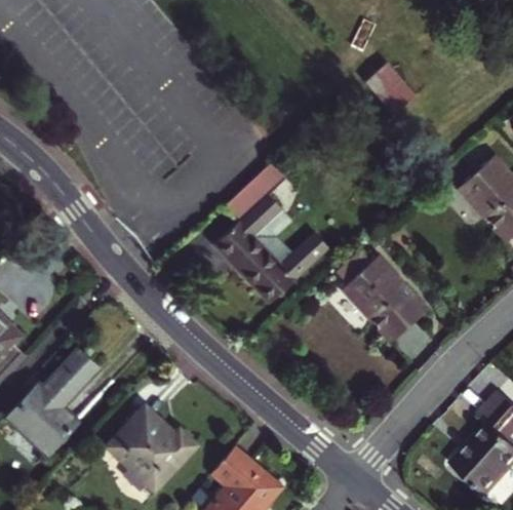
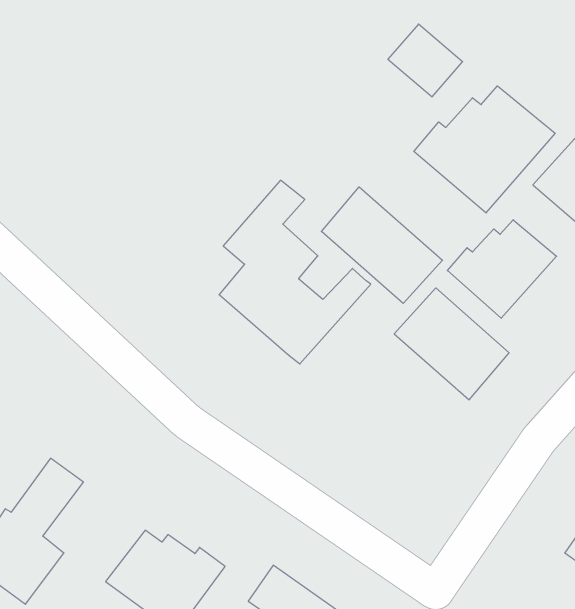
building: none -> [414,86,555,213]
building: none -> [321,187,443,303]
building: none -> [447,220,557,318]

